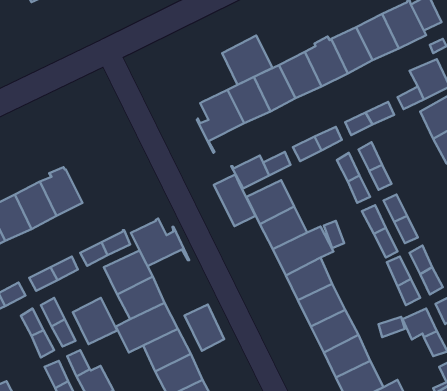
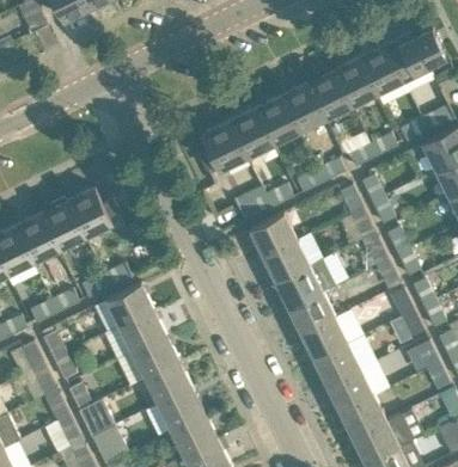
building: [222,35,272,85] -> none
building: [214,175,256,226] -> none
building: [131,219,189,266] -> [67,189,126,236]
building: [73,298,117,344] -> none
building: [184,304,224,351] -> none

